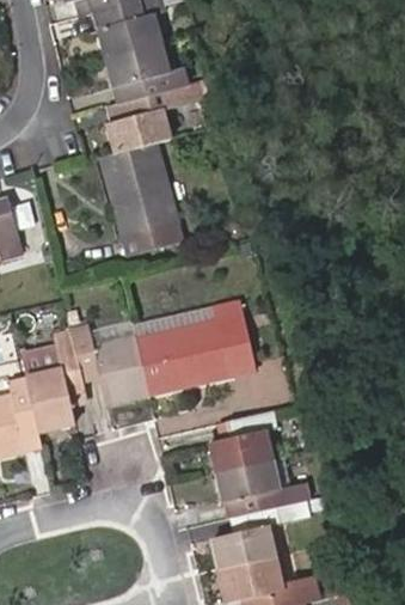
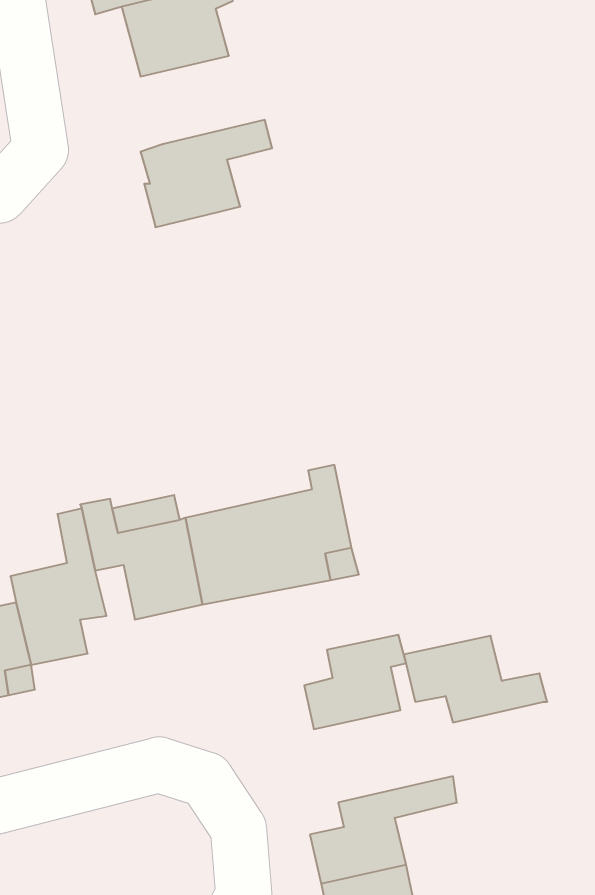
building: [106,44,185,100] -> none
building: [100,143,182,250] -> none
building: [216,459,307,514] -> [404,636,547,722]

